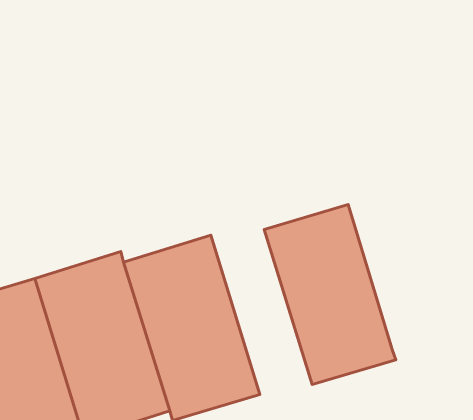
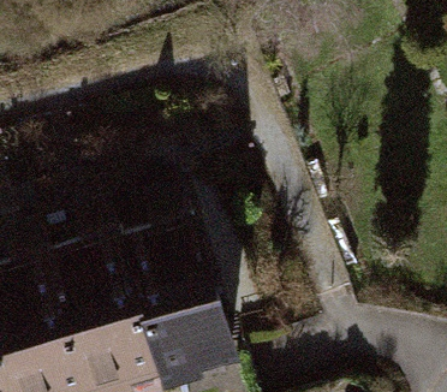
building: [264,204,396,385] -> none

